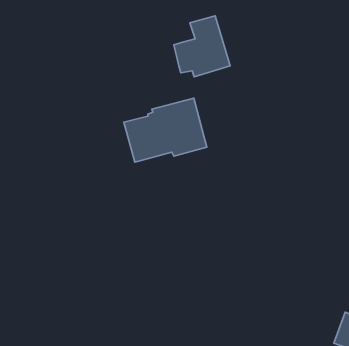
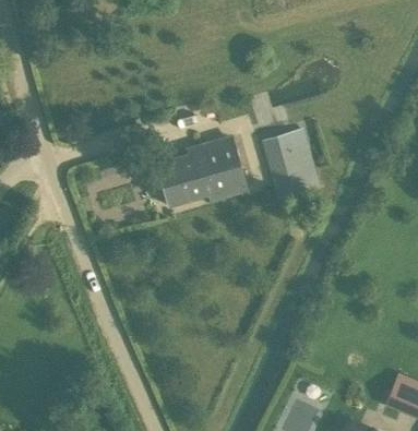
building: [174,16,230,77] -> [259,130,320,196]

